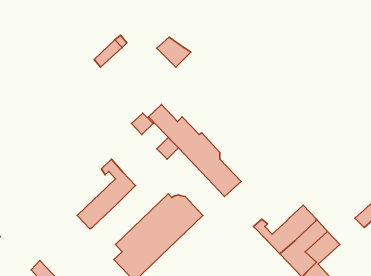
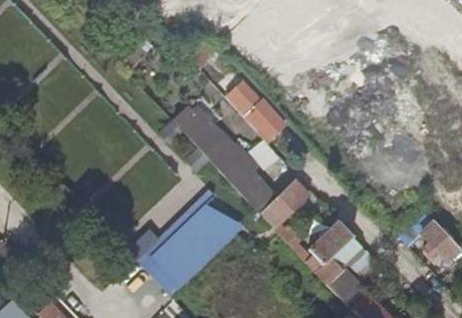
building: none -> [231,88,284,141]
building: [77,159,136,229] -> none
building: none -> [263,178,312,244]

